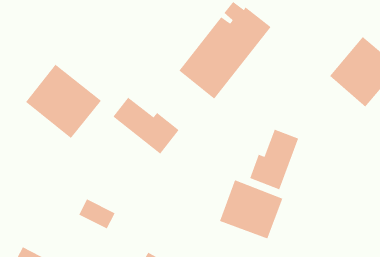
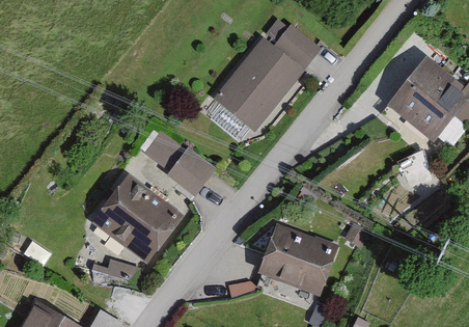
building: [25,64,102,139] -> [92,178,181,264]
building: [249,129,299,190] -> none

